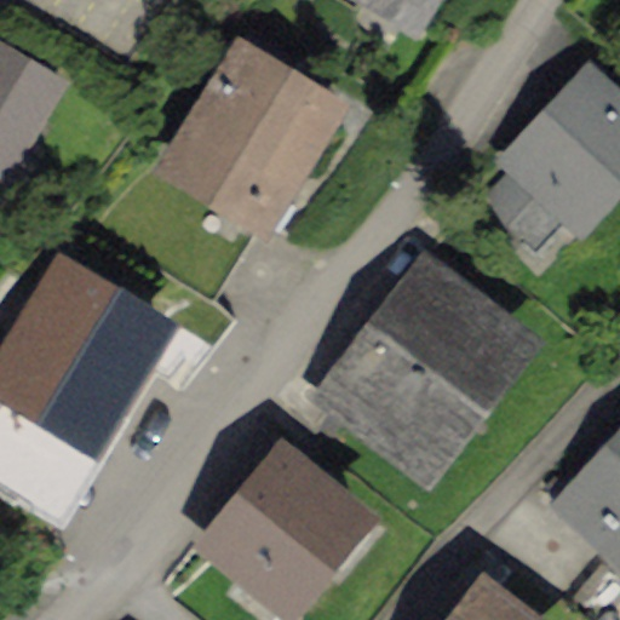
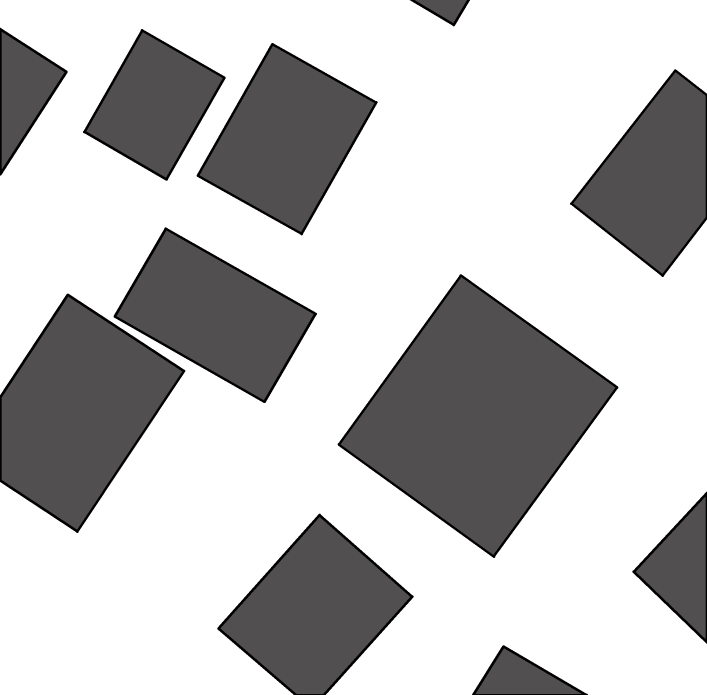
building: none -> [84,30,224,179]
building: none -> [115,229,316,402]

